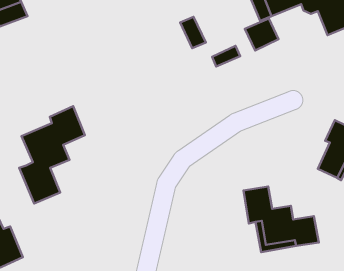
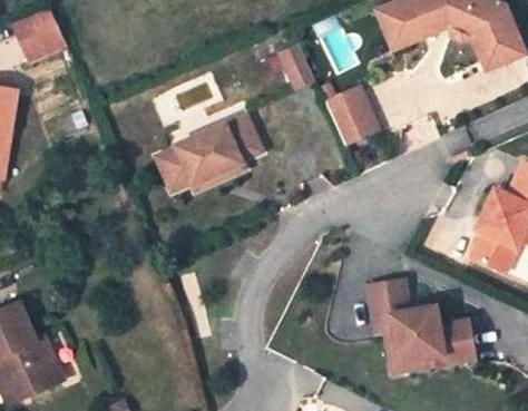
building: [245,18,278,50] -> [331,99,378,144]
building: none -> [157,116,262,188]
building: [19,106,85,204] -> none

